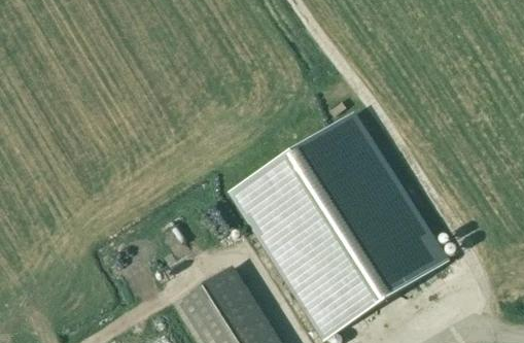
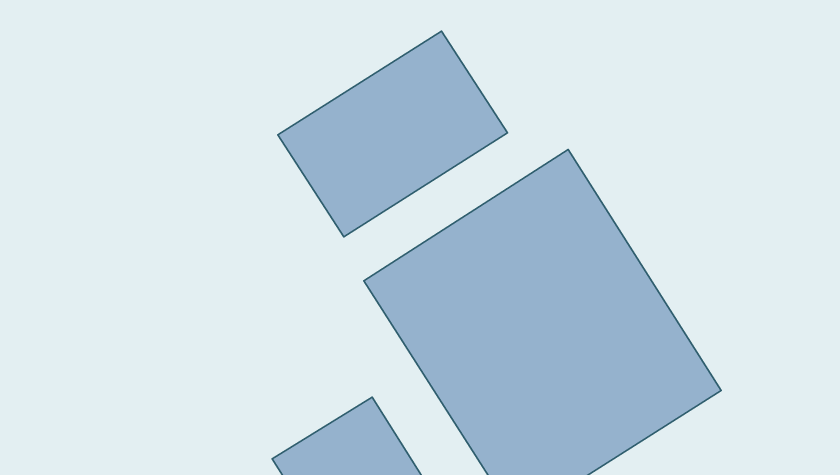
building: none -> [278,31,508,237]

